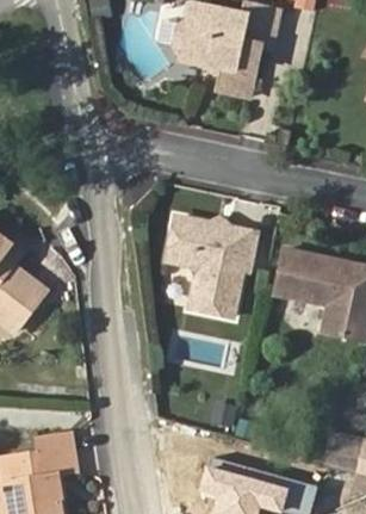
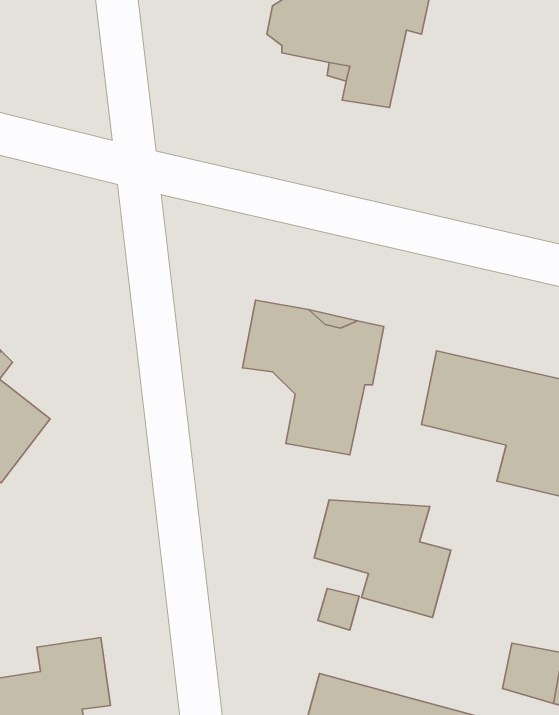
building: none -> [314,500,451,617]

